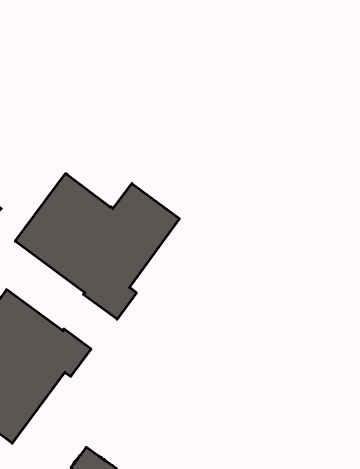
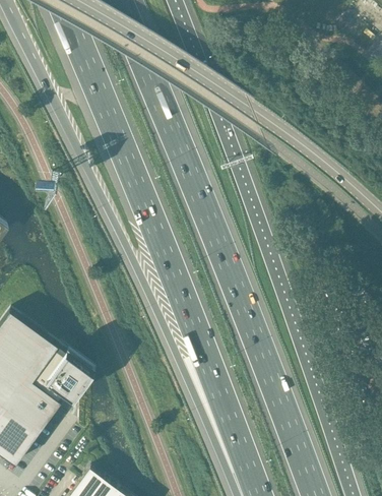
building: [15,174,179,319] -> none

